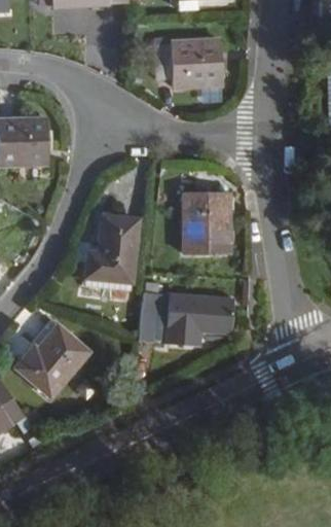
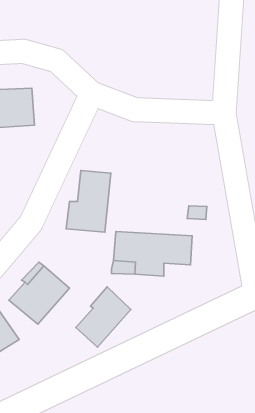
building: [150,33,222,82] -> none
building: [184,189,227,253] -> none
building: none -> [76,287,131,347]

